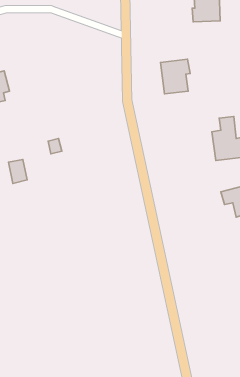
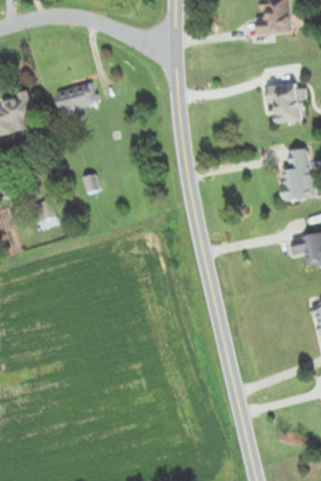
building: [160,59,190,94] -> [267,81,303,123]
building: none -> [55,81,97,113]

